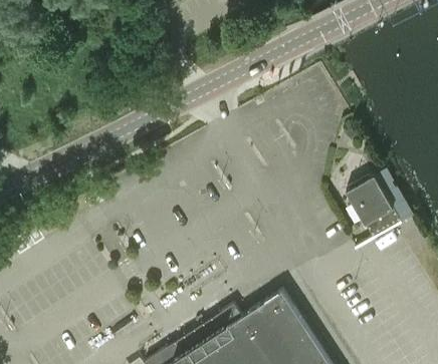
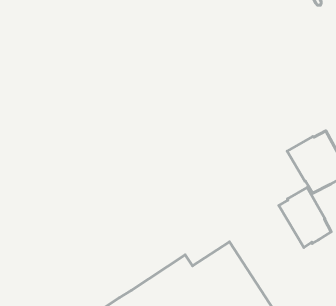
building: none -> [279,187,331,248]

